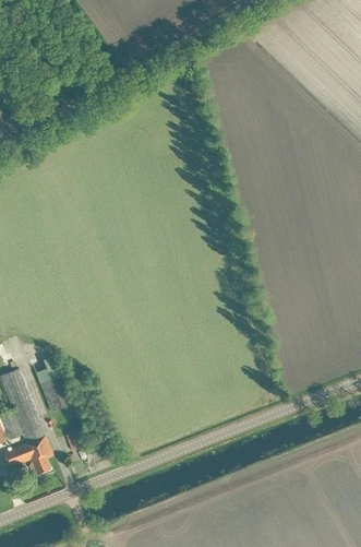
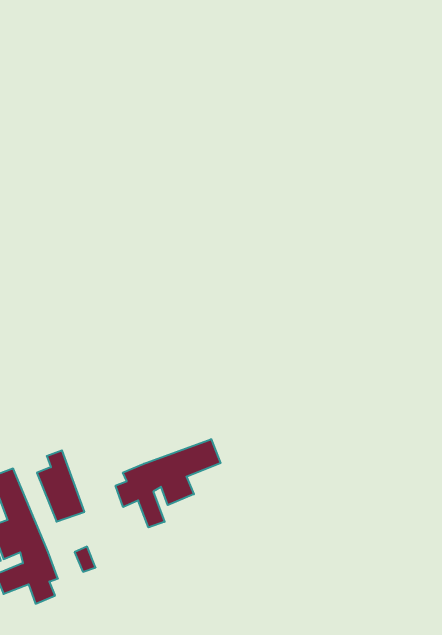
building: none -> [116,439,221,527]

